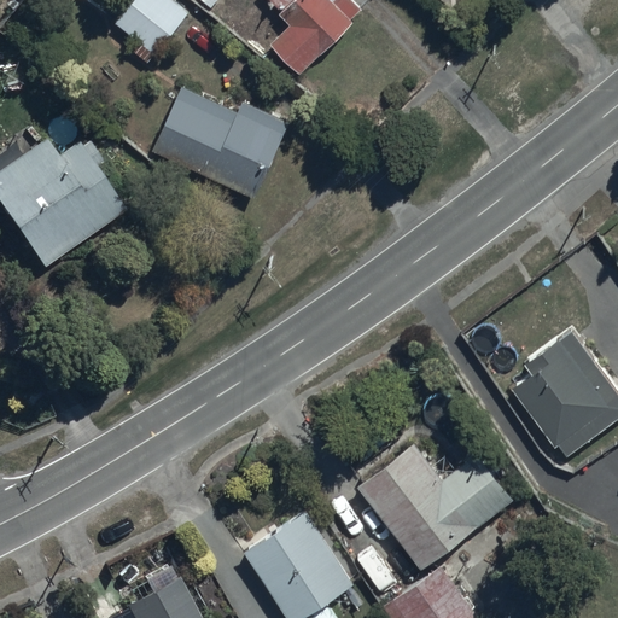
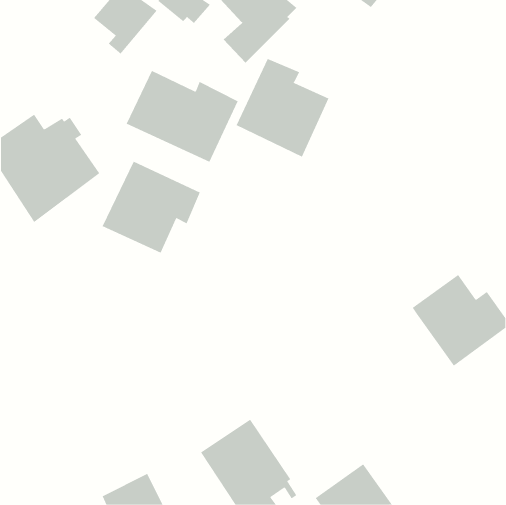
building: none -> [236,58,329,157]
building: none -> [102,161,200,253]
building: [358,444,514,571] -> none

